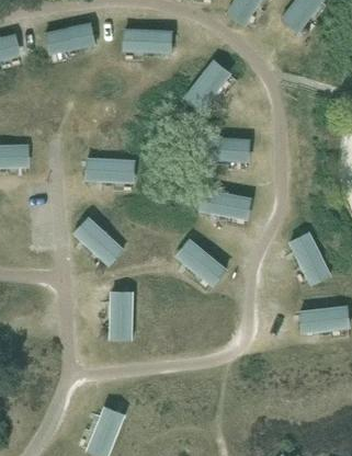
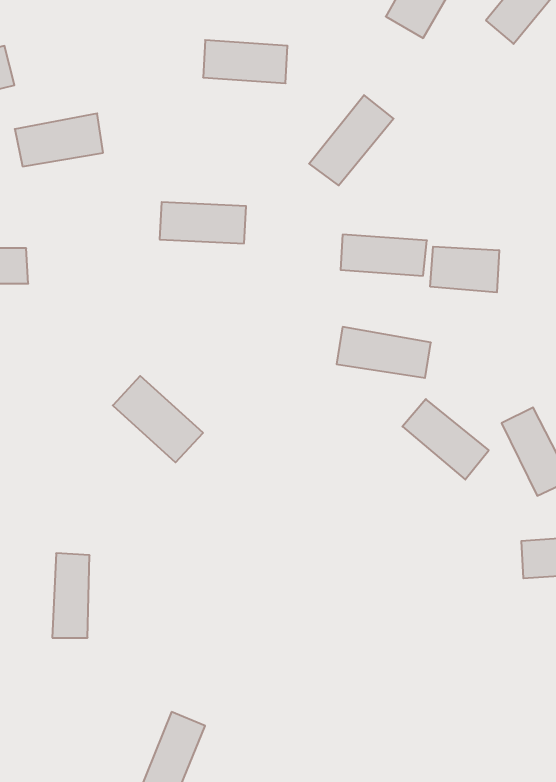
building: [44,24,93,54] -> [15,113,103,166]
building: none -> [430,247,499,292]
building: [86,160,134,183] -> [160,202,246,243]
building: [175,243,224,288] -> [402,399,489,480]
building: [110,290,130,338] -> [52,553,90,638]

